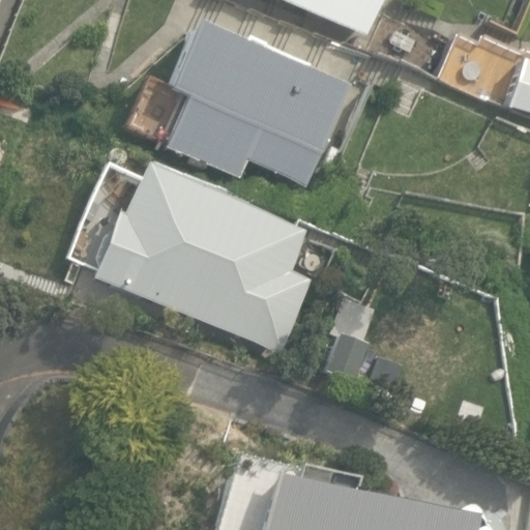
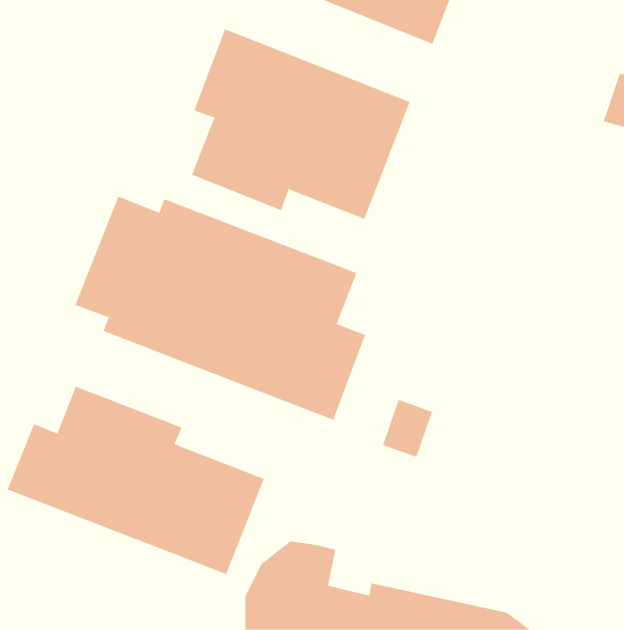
building: none -> [7,386,264,575]

